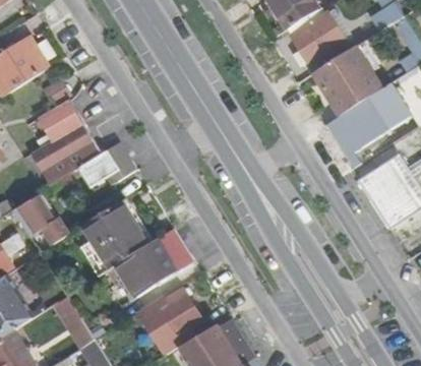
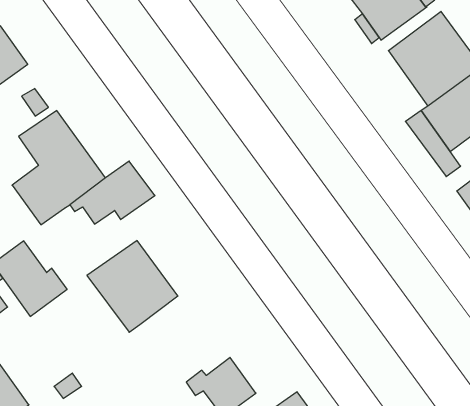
building: [118,229,192,295] -> none

